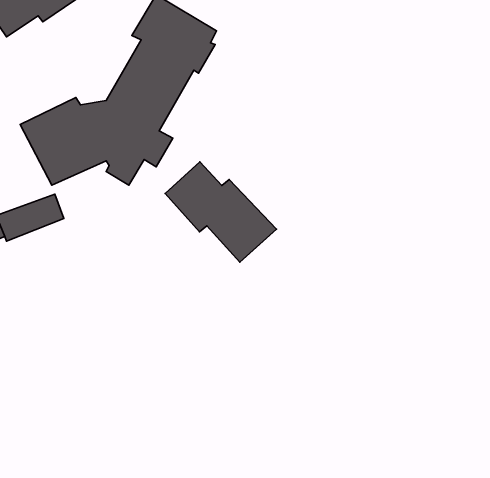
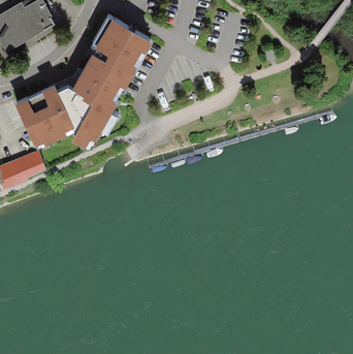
building: [165,162,277,262] -> none

